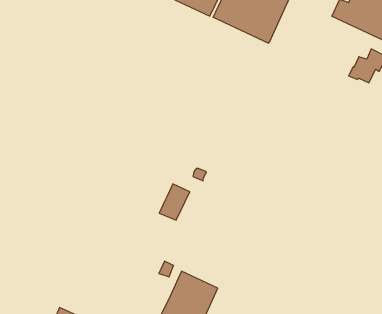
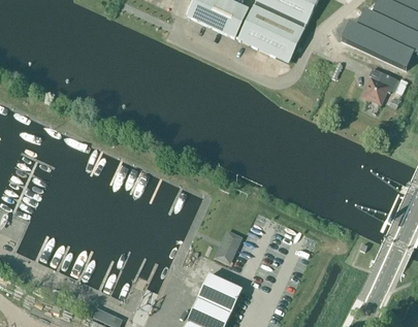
building: [159,184,190,220] -> [215,227,243,260]

